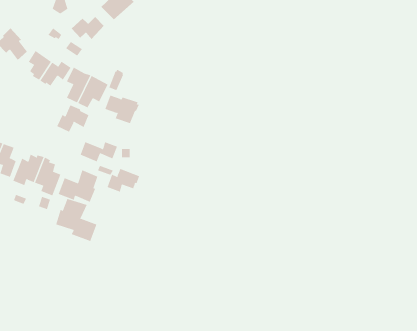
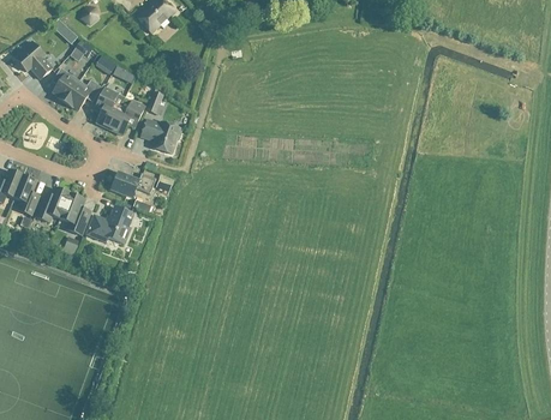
building: [71,16,104,40] -> none
building: [56,105,89,133] -> none
building: [107,168,140,192] -> none
building: [55,198,97,242] -> none

